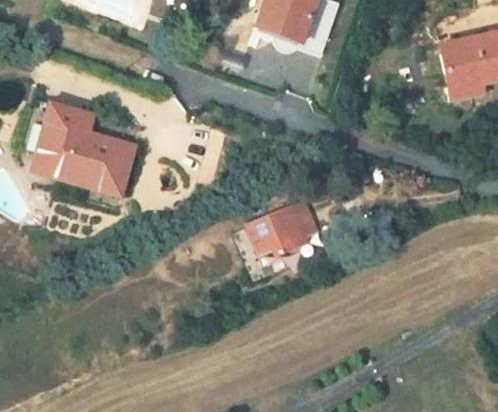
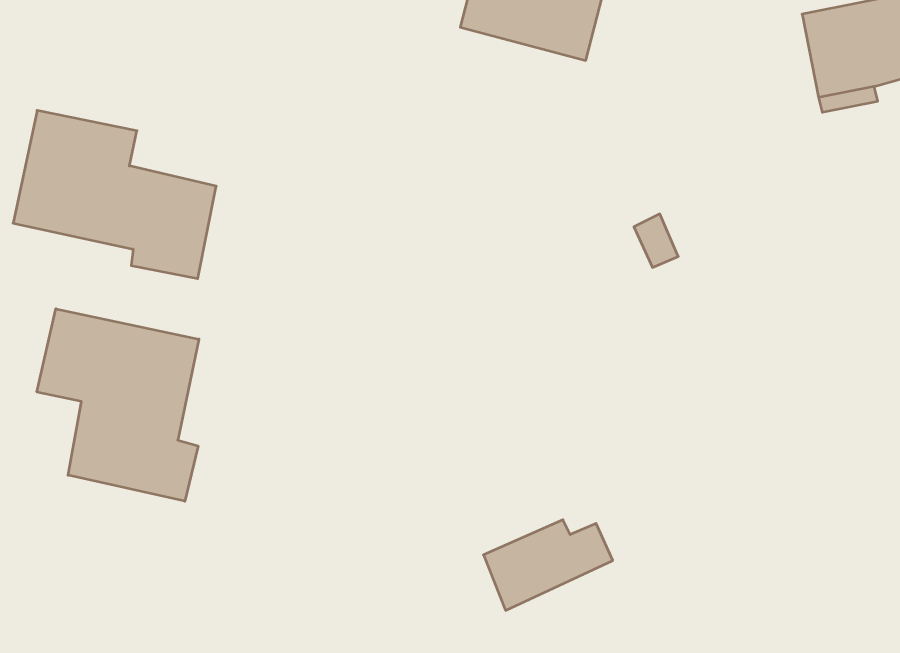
building: [252,203,322,252] -> [483,520,613,610]
building: none -> [37,309,199,501]

